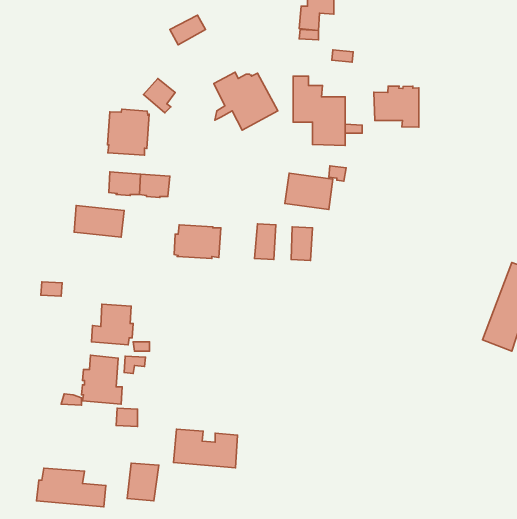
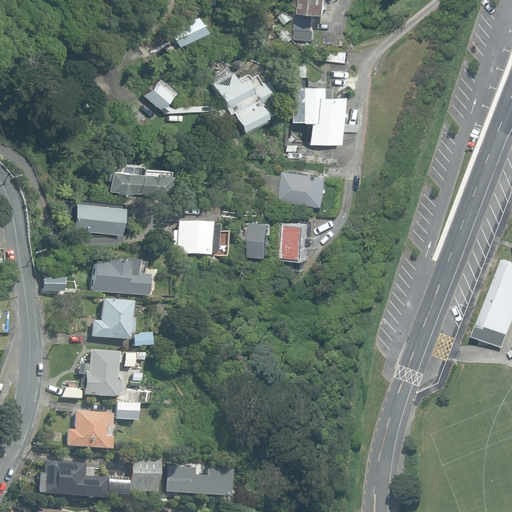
building: [374,86,419,127] -> none
building: [108,109,149,155] -> none
building: none -> [93,259,151,295]
building: none -> [67,410,113,448]
building: [174,429,238,468] -> [165,464,228,502]

